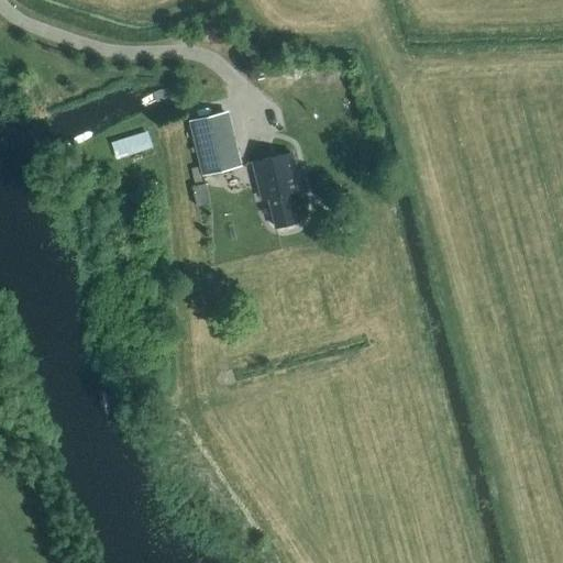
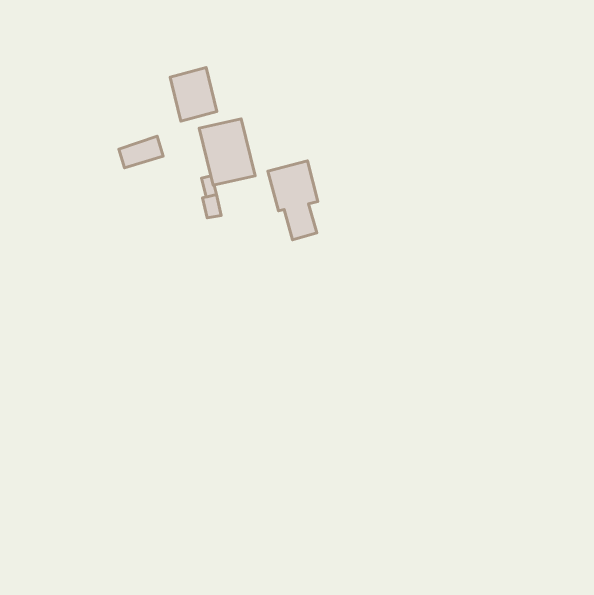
building: none -> [170,68,217,121]

